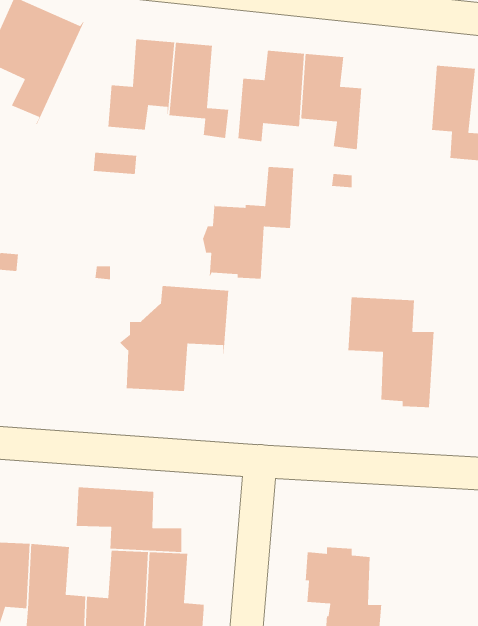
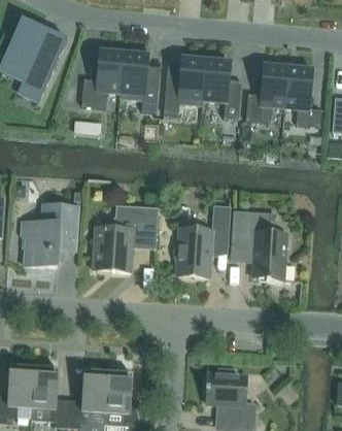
building: none -> [245,64,287,122]
building: [202,166,294,280] -> [172,205,230,276]
building: none -> [21,204,77,267]
building: [76,486,182,553] -> none

